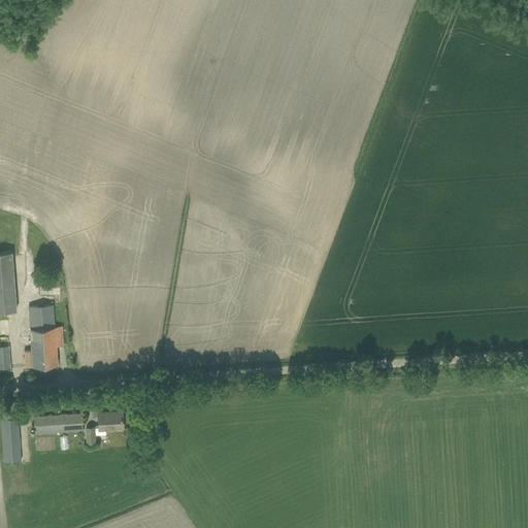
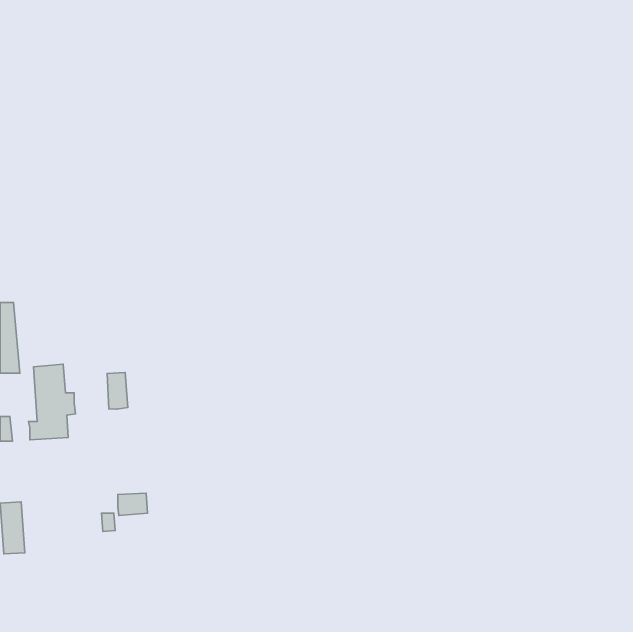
building: none -> [107,372,128,409]
building: [33,415,82,434] -> none

